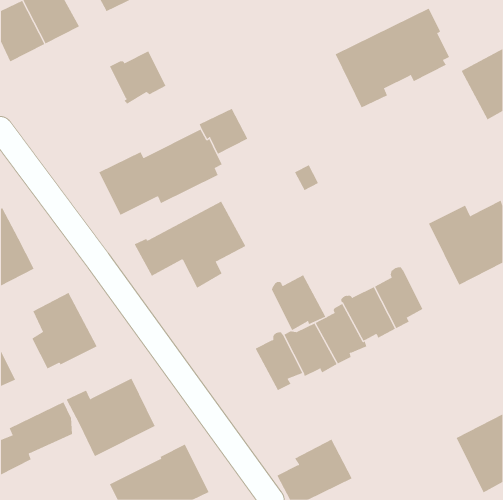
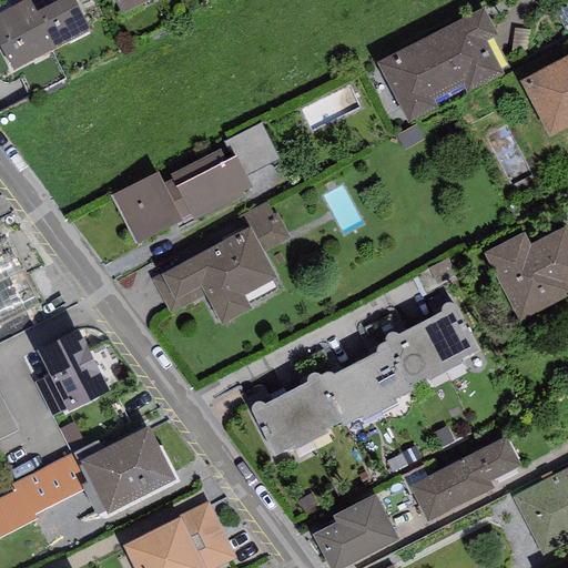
building: [109,51,166,104] -> none
building: [271,275,326,331] -> [251,393,313,456]
building: none -> [410,437,521,520]

